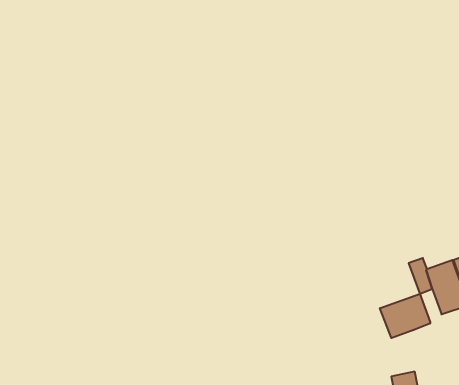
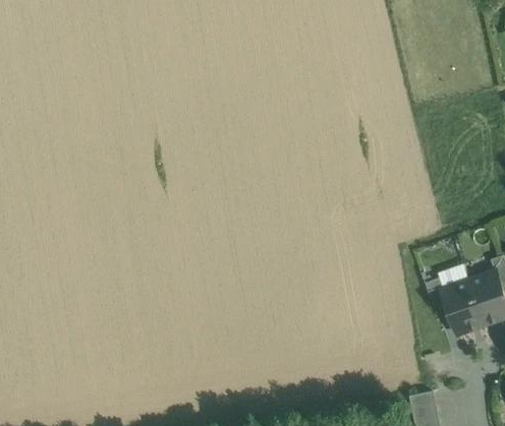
building: [380,294,430,338] -> none

